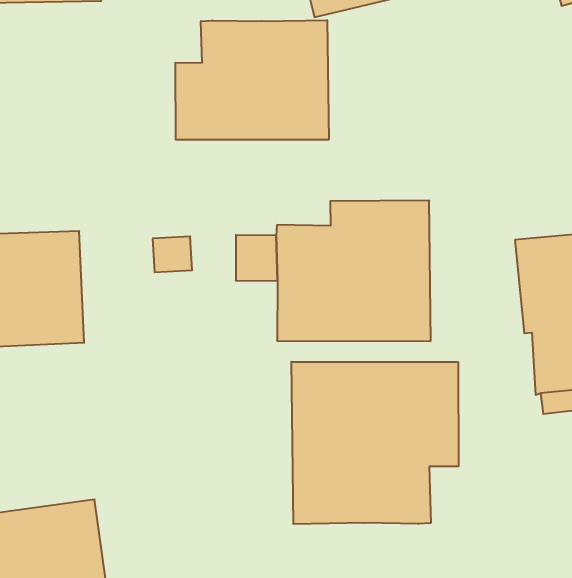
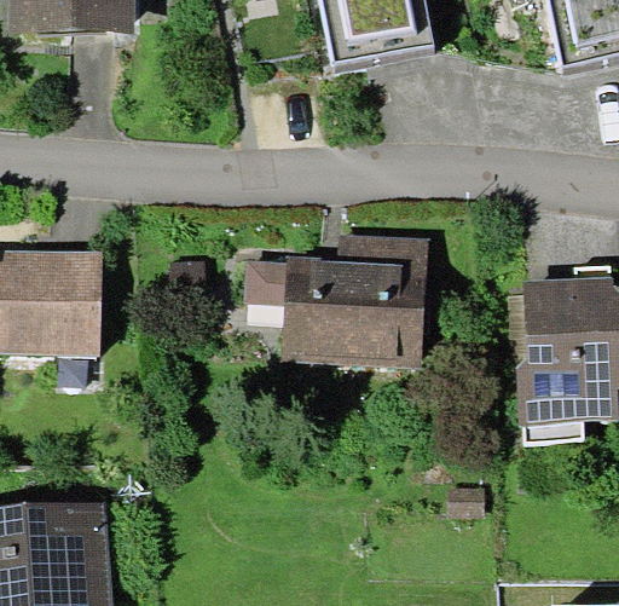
building: [175,20,329,140] -> none
building: [291,362,458,524] -> none

